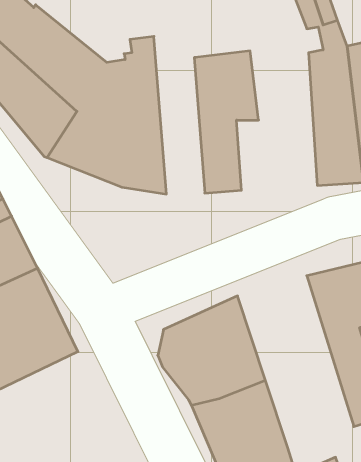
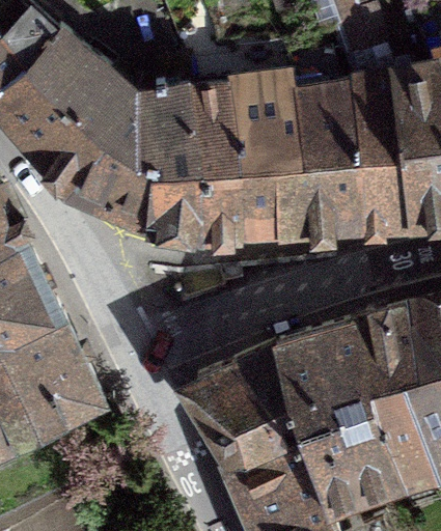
building: none -> [277,84,364,234]
building: none -> [190,91,243,239]
building: none -> [278,327,404,511]

